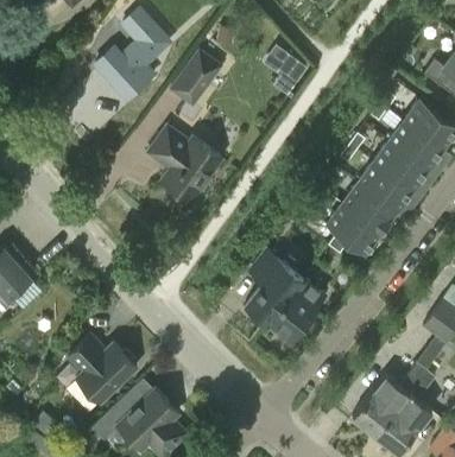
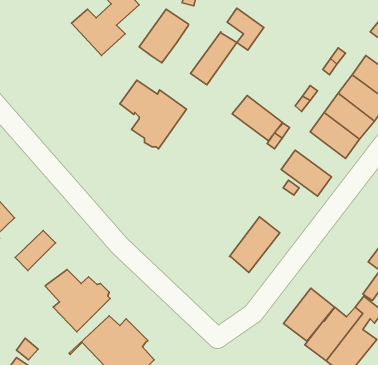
building: none -> [190,32,237,85]
building: [341,184,397,234] -> [232,96,283,141]
building: [245,250,302,323] -> none
building: none -> [15,230,56,271]
building: none -> [284,288,334,341]

